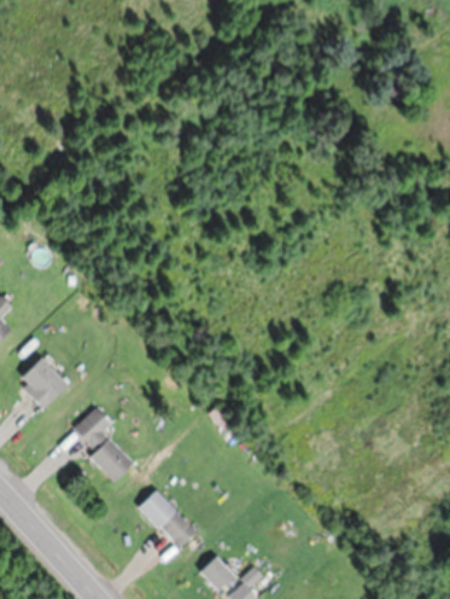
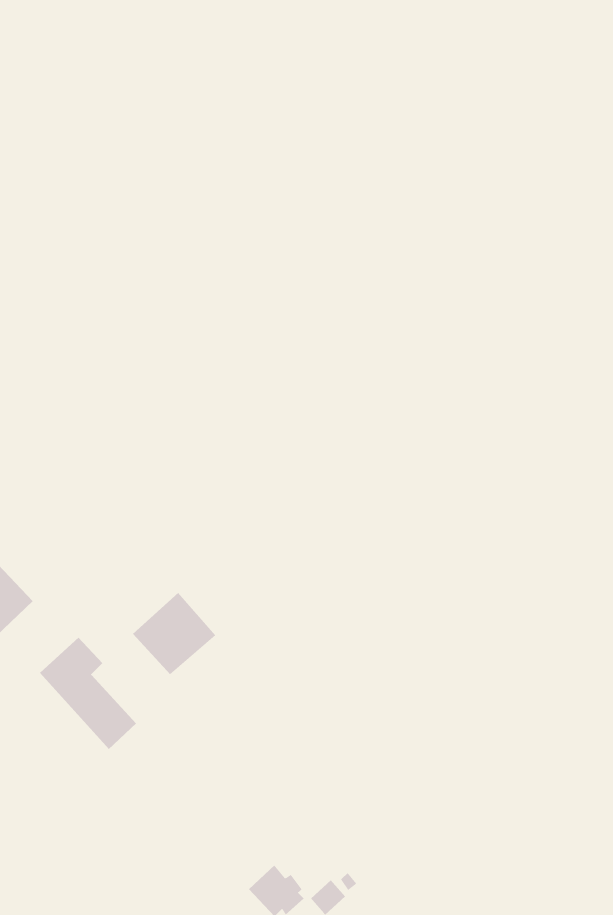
building: none -> [132,592,216,675]
building: [141,490,192,540] -> none

